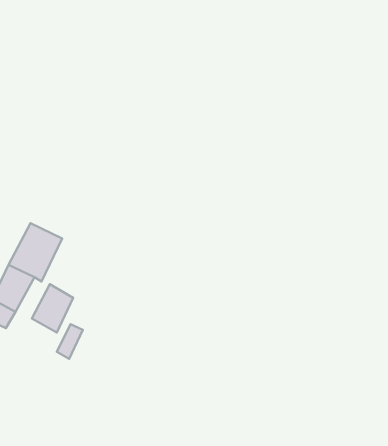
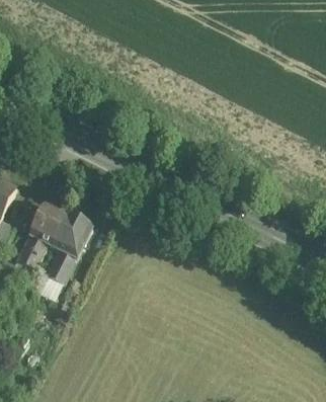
building: none -> [54,211,93,254]

